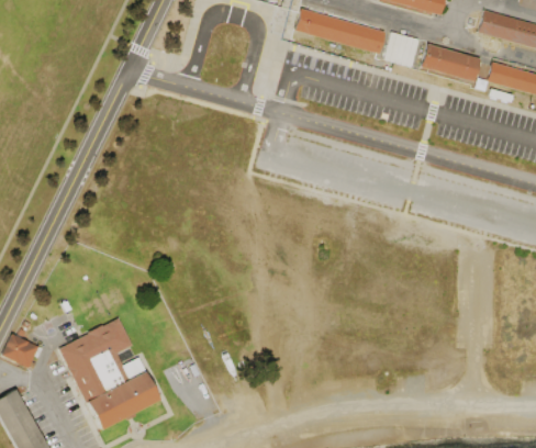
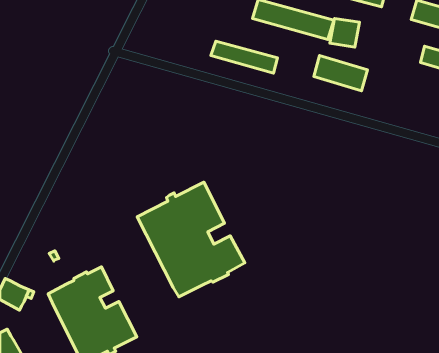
building: [422,44,483,85] -> [314,56,367,91]
building: none -> [211,41,277,73]
building: none -> [137,182,245,297]

